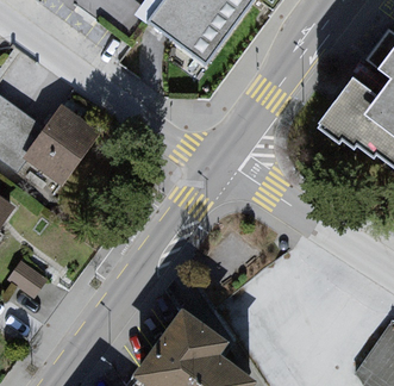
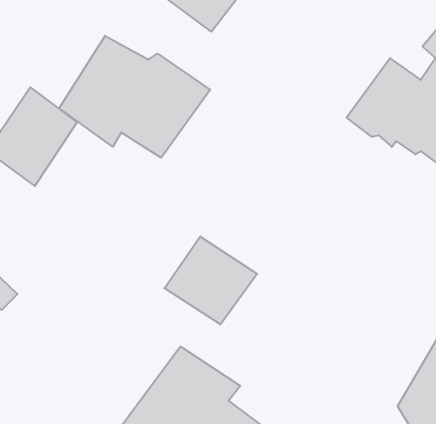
building: none -> [59,36,210,158]
building: none -> [164,236,257,324]

